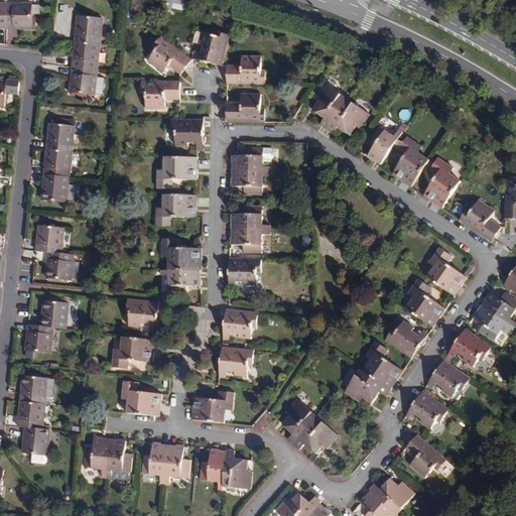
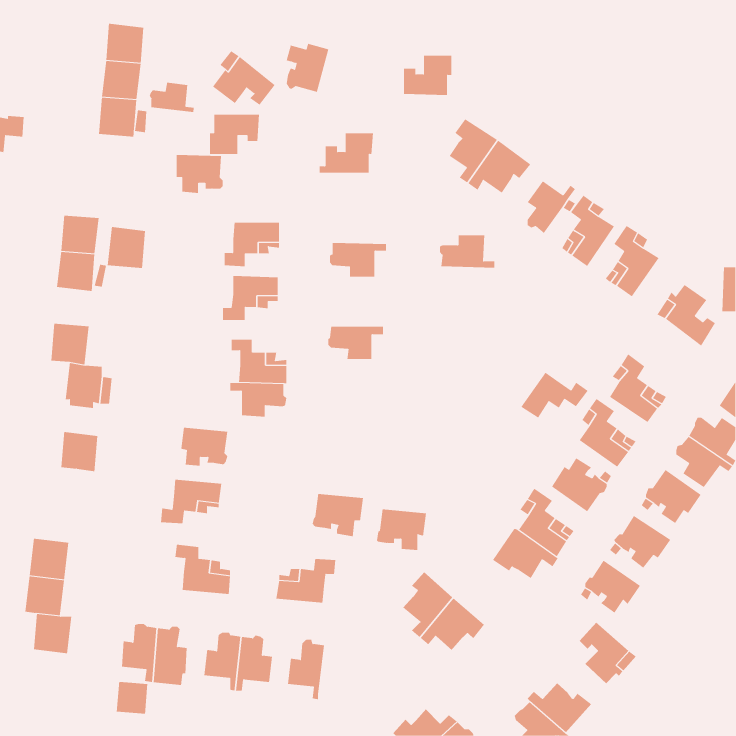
building: [5,4,32,29] -> none
building: [228,55,262,84] -> [403,55,452,96]
building: none -> [149,82,194,113]
building: [171,117,205,144] -> [176,154,223,193]
building: [44,123,72,152] -> [107,227,146,268]
building: [231,147,270,170] -> [439,235,495,268]
building: [230,205,268,228] -> none
building: [227,257,260,284] -> none
building: none -> [520,372,588,418]
building: [222,308,257,338] -> [376,509,427,551]
building: [26,326,53,355] -> none
building: [223,448,252,488] -> none
building: none -> [116,681,148,715]

